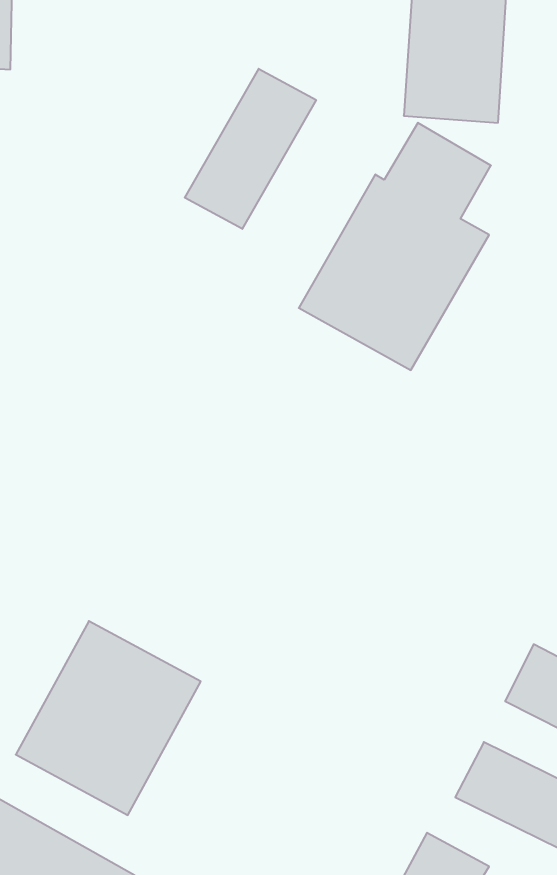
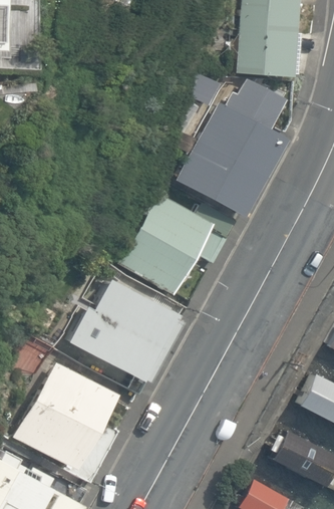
building: [185,69,316,229] -> none
building: none -> [120,194,215,294]
building: none -> [76,285,169,378]

